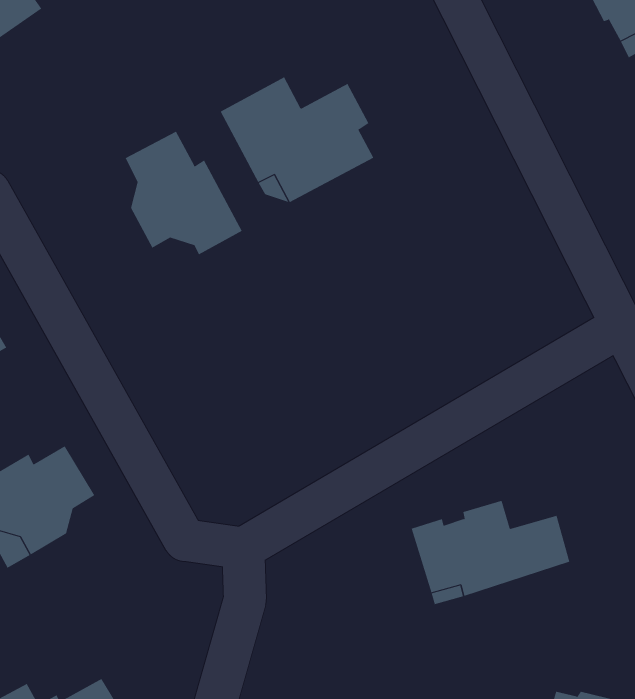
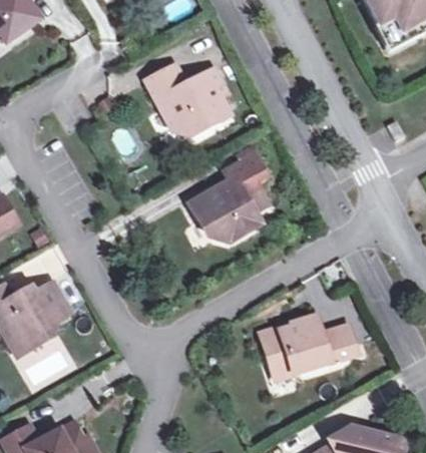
building: [125,131,242,255] -> none
building: none -> [188,151,268,242]

